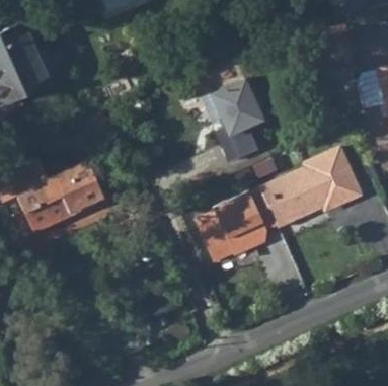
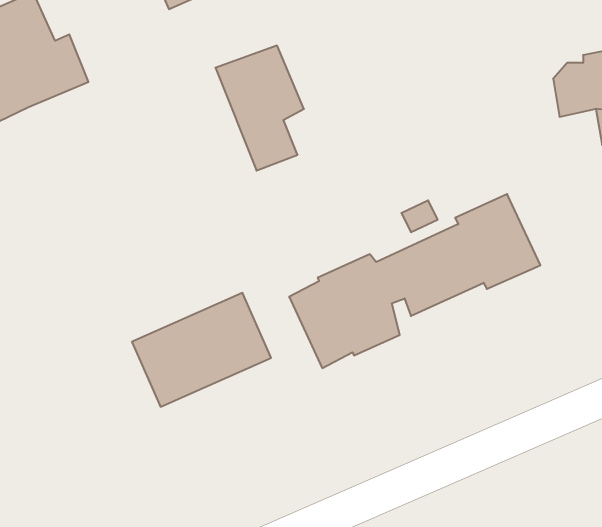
building: [210,82,266,162] -> [215,46,304,171]
building: [12,162,101,235] -> [132,293,271,407]

